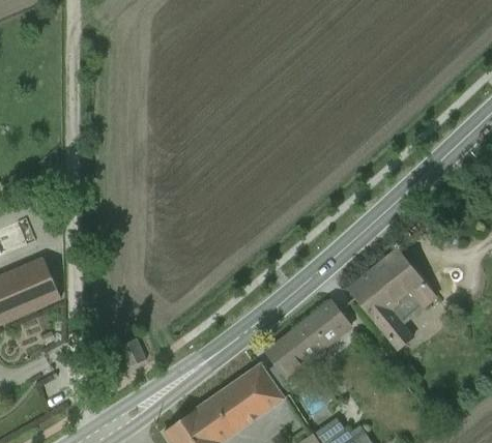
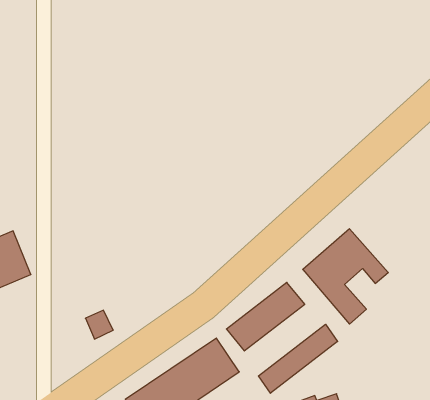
building: none -> [258,324,338,393]

